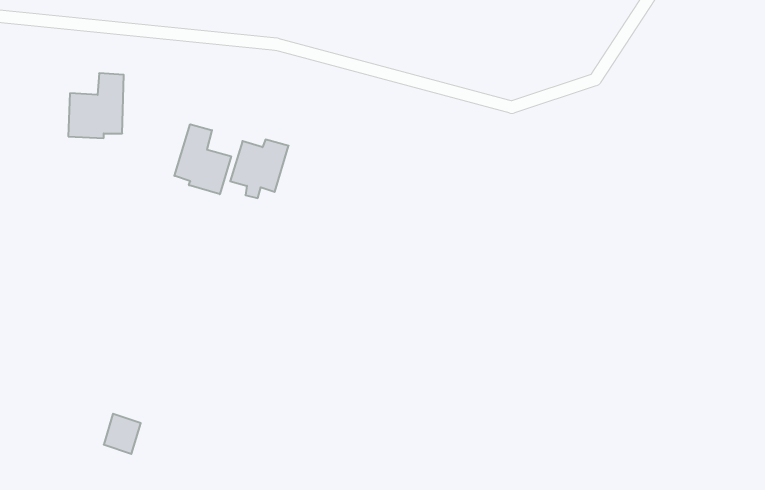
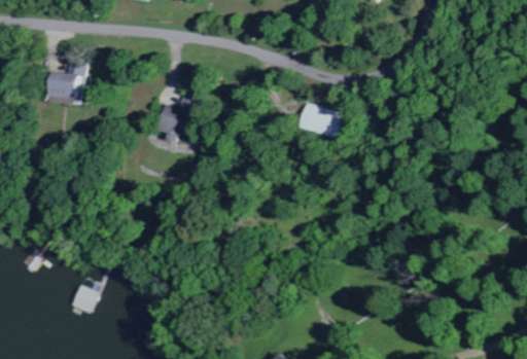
building: [174,124,231,194] -> none
building: none -> [300,103,346,138]

